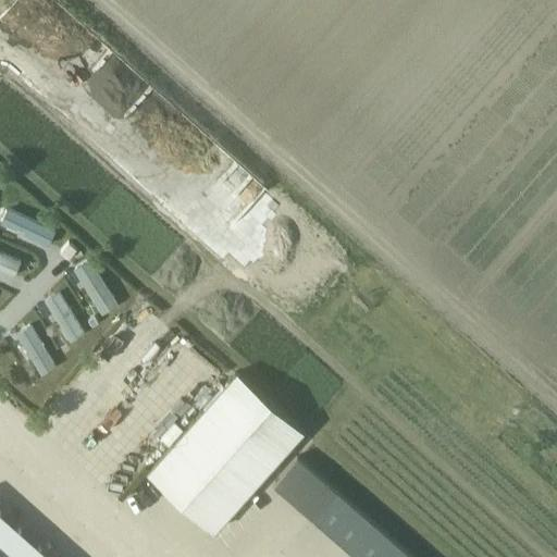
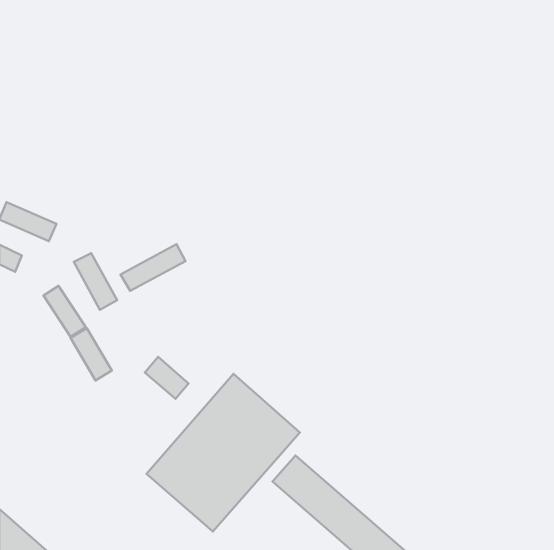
building: none -> [121,244,186,291]
building: [15,324,57,376] -> [71,328,112,380]
building: none -> [145,357,189,399]

